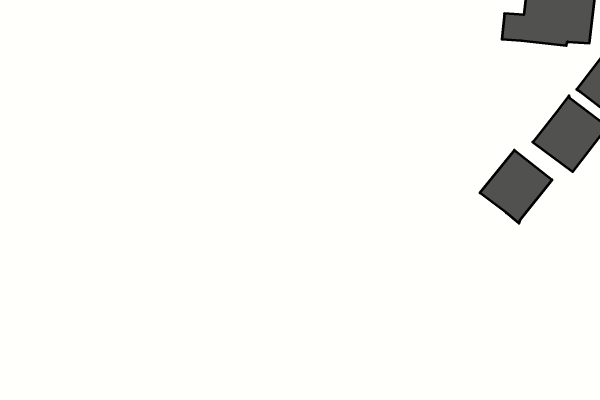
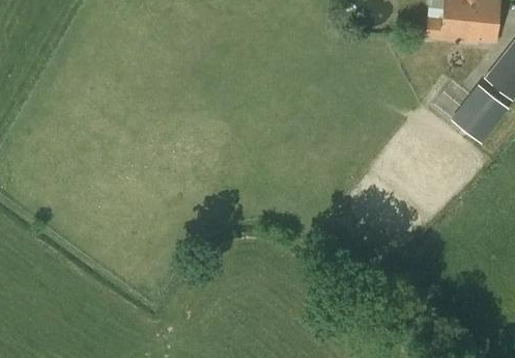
building: [480,150,552,223] -> none

